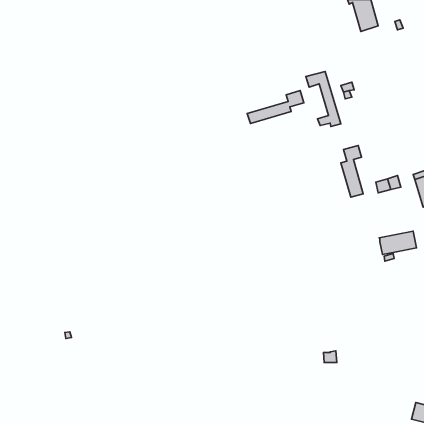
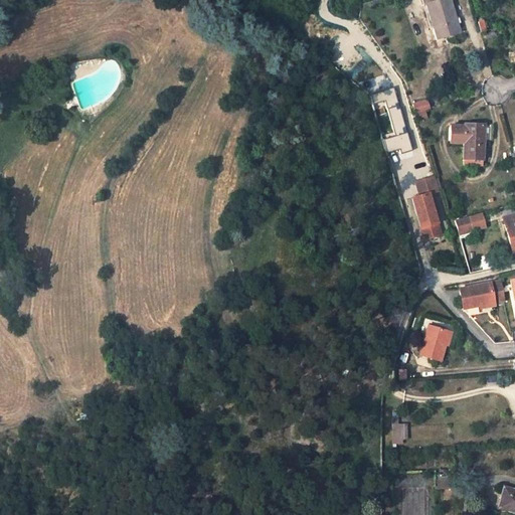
building: [247,91,304,123] -> none
building: none -> [451,123,485,159]
building: none -> [420,325,450,360]

